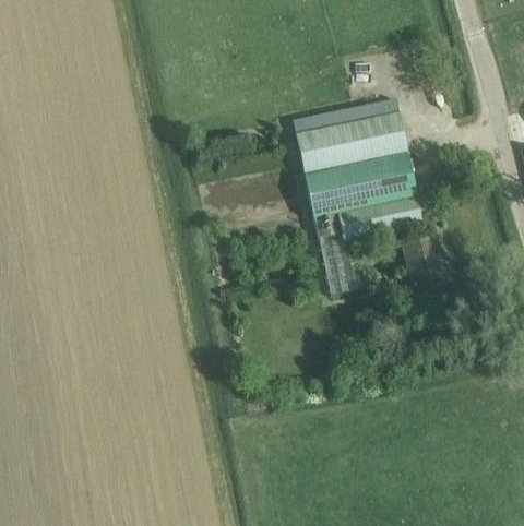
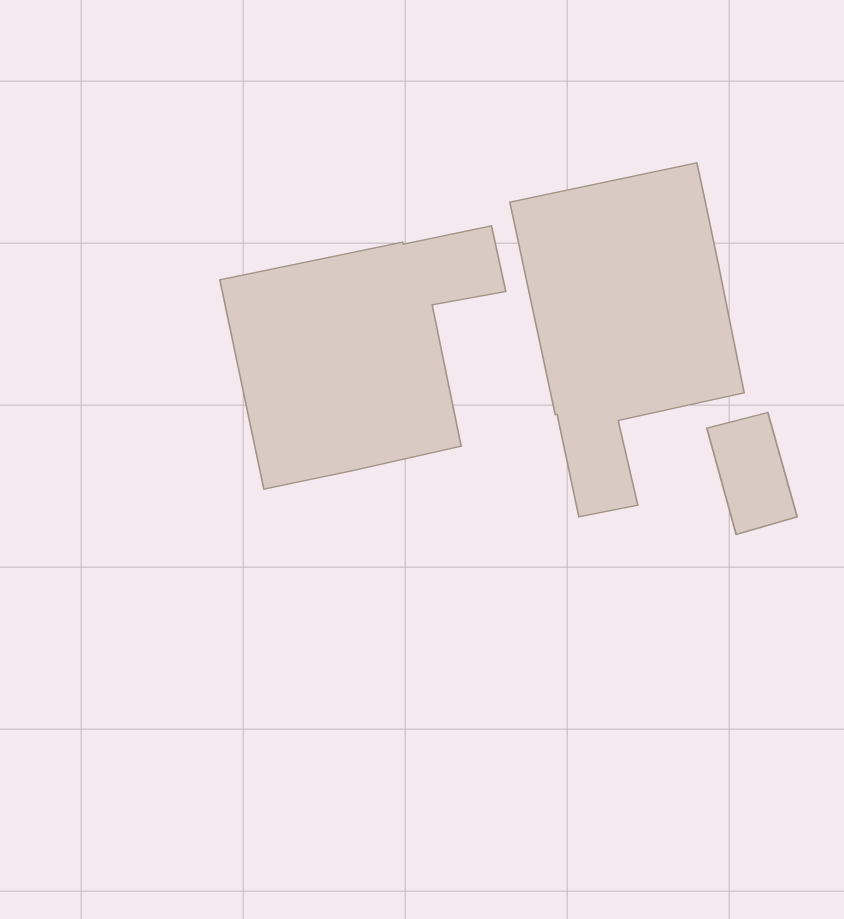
building: none -> [220,226,506,489]

